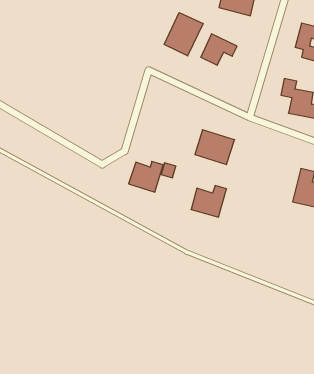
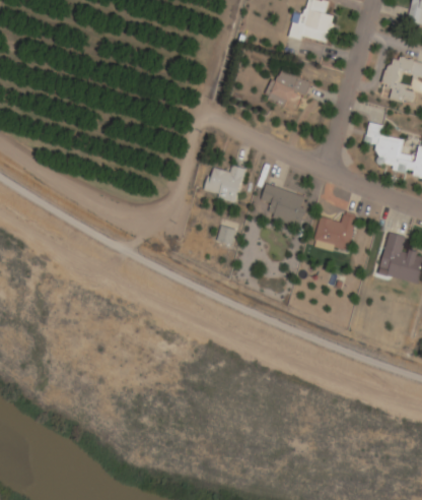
building: [164,13,203,56] -> none
building: [129,161,163,192] -> [204,165,247,202]
building: [191,186,227,217] -> [314,213,358,252]

